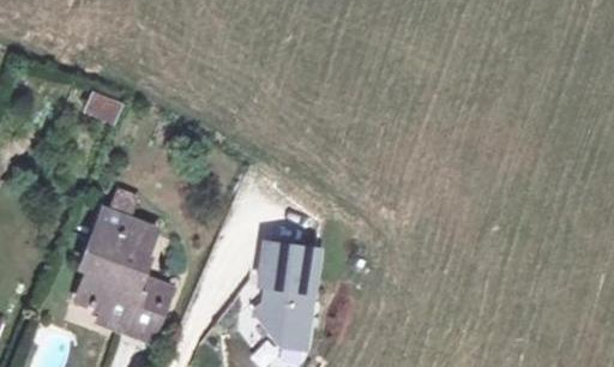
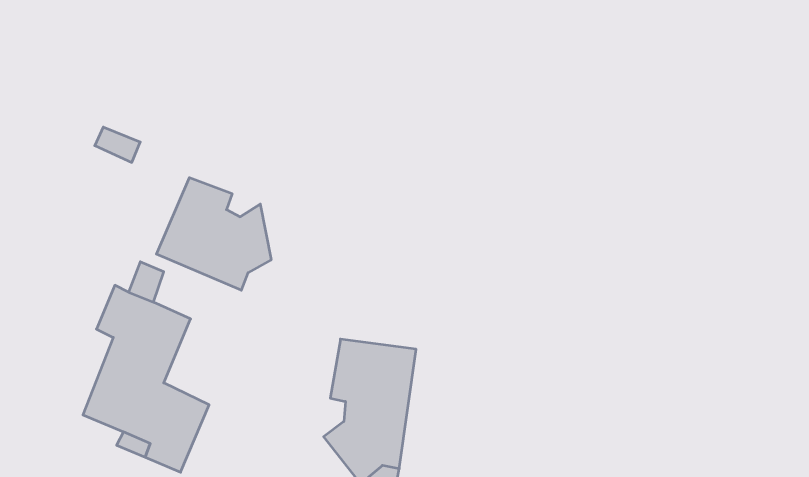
building: none -> [156,178,271,290]

